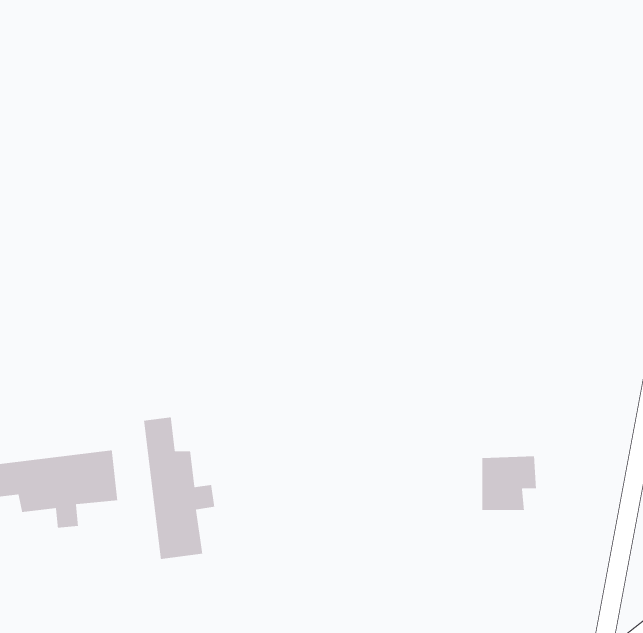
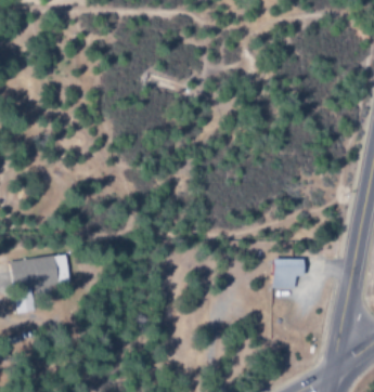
building: [143,417,215,560] -> none

